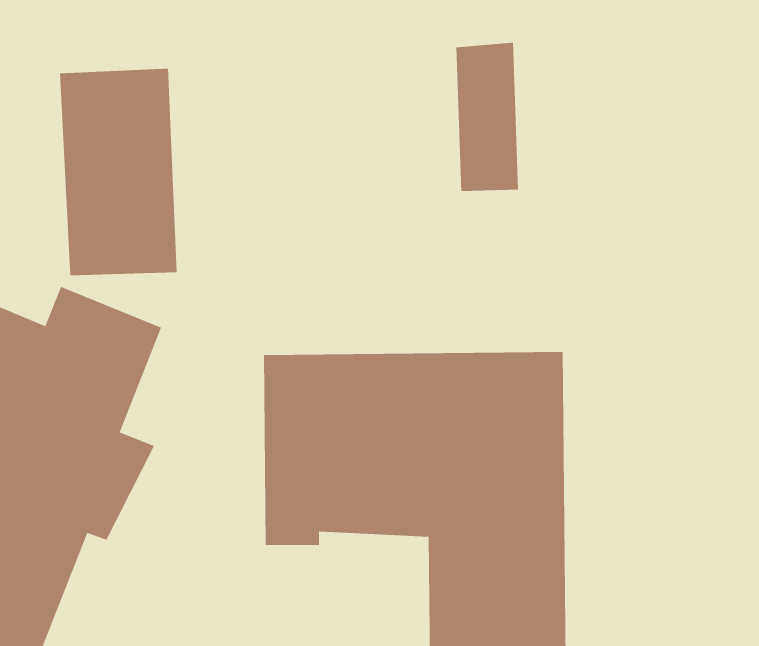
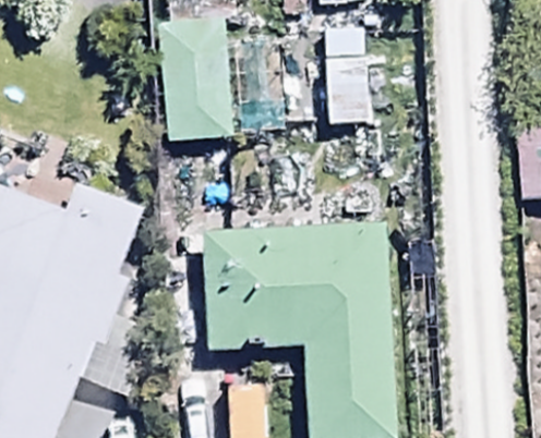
building: [59,68,178,276] -> [158,8,233,139]

